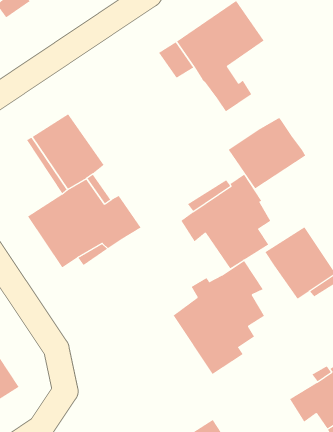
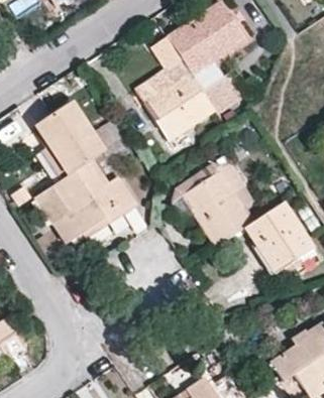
building: [228,117,306,189] -> [144,73,215,137]
building: [173,260,265,375] -> none

